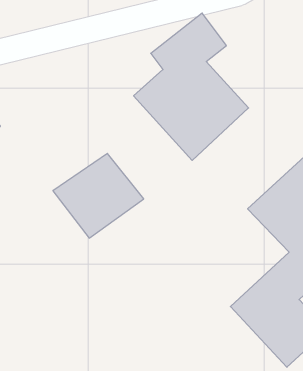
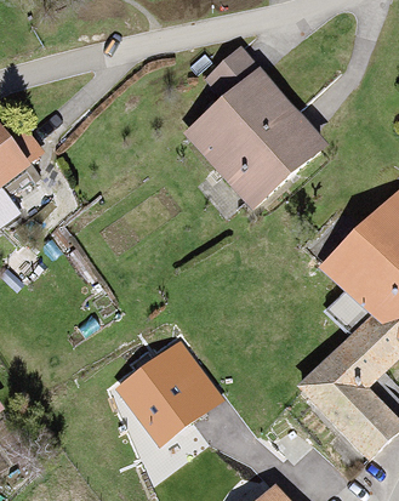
building: [53,153,144,238] -> [116,342,226,444]

